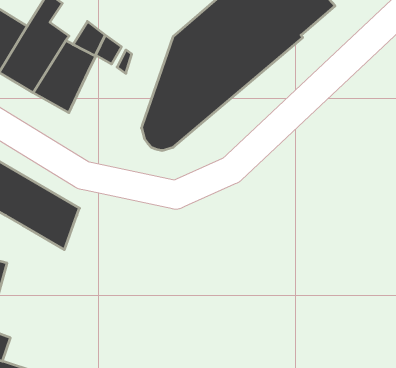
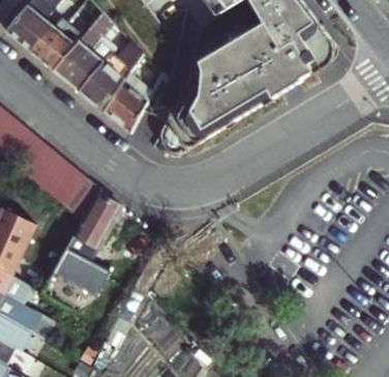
building: none -> [102,80,147,133]
building: none -> [52,193,126,294]

